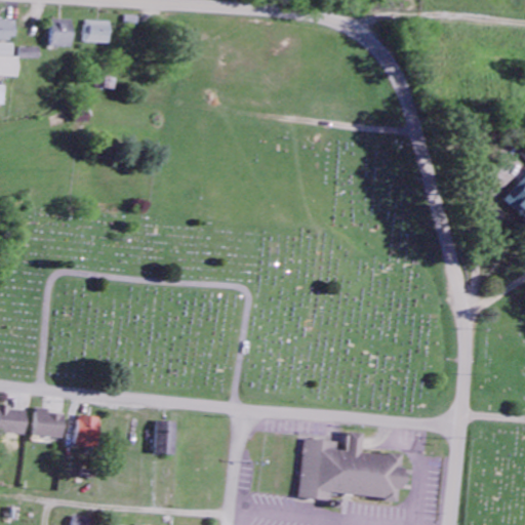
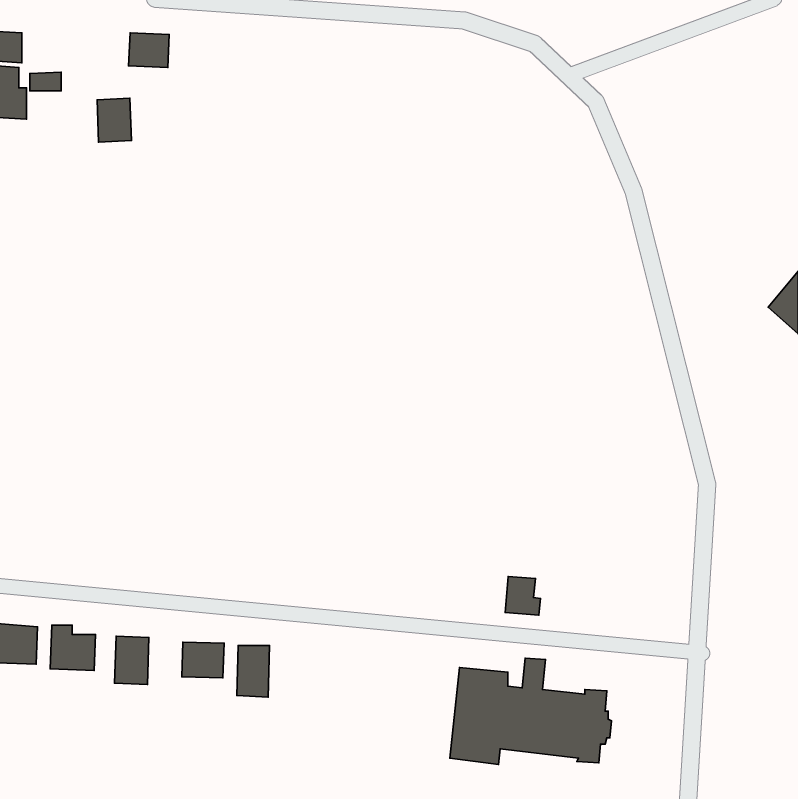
building: [50,19,73,48] -> [97,98,132,142]
building: none -> [505,577,541,615]
building: none -> [182,642,224,678]

